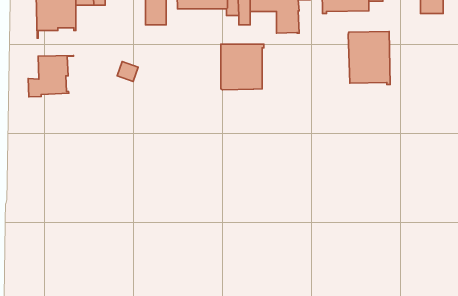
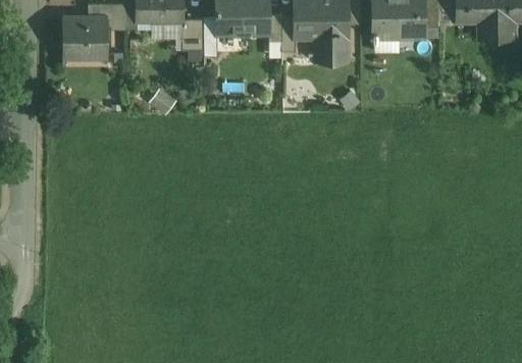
building: [348,32,390,85] -> none
building: [221,44,264,90] -> none
building: [28,55,73,97] -> none

